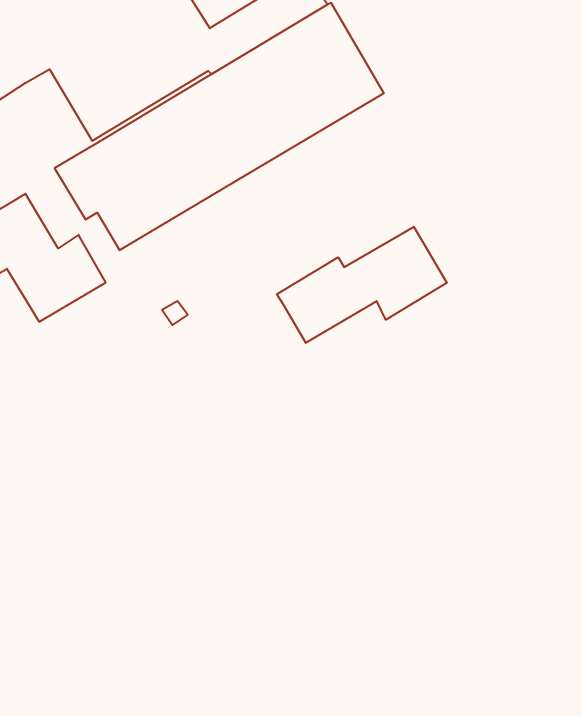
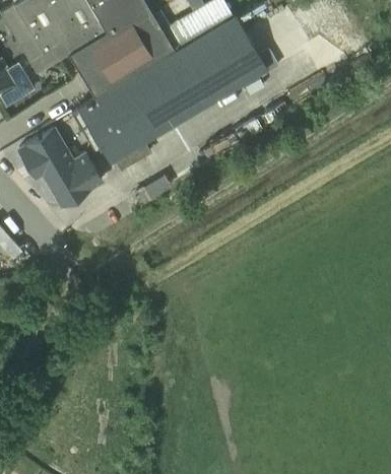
building: [277,227,447,343] -> none

